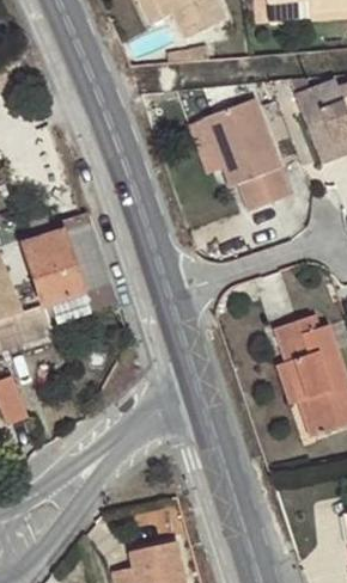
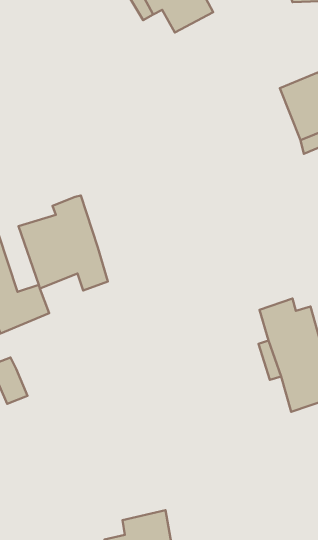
building: [205,98,292,211] -> none

